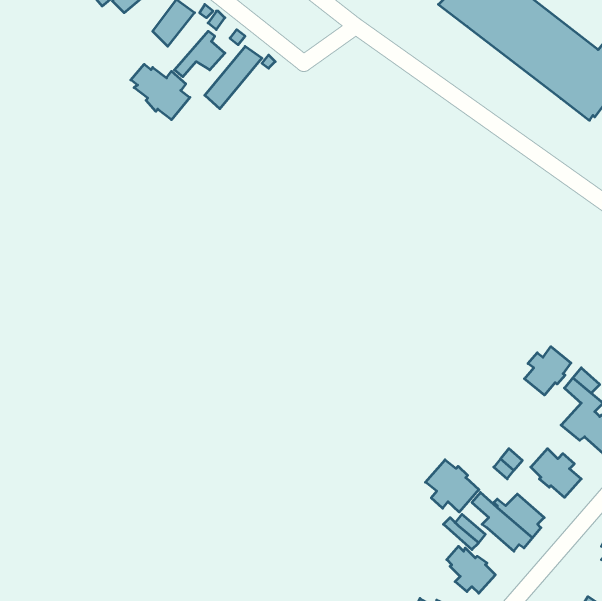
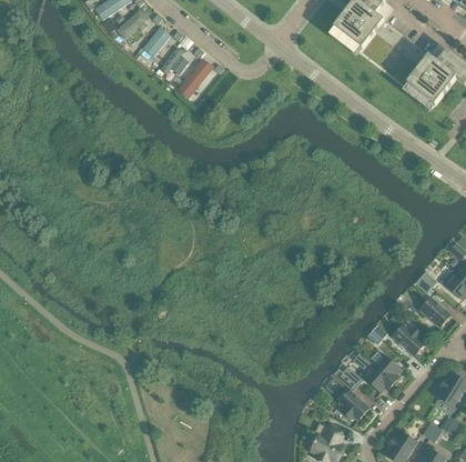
building: [131,64,190,120] -> none
building: [524,347,571,395] -> none
building: [425,460,479,512] -> none

